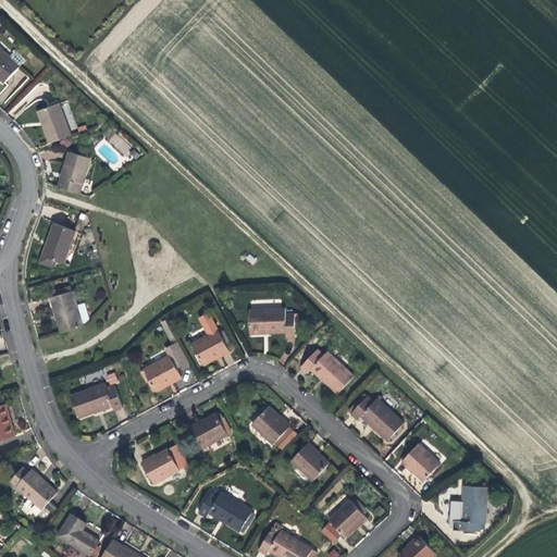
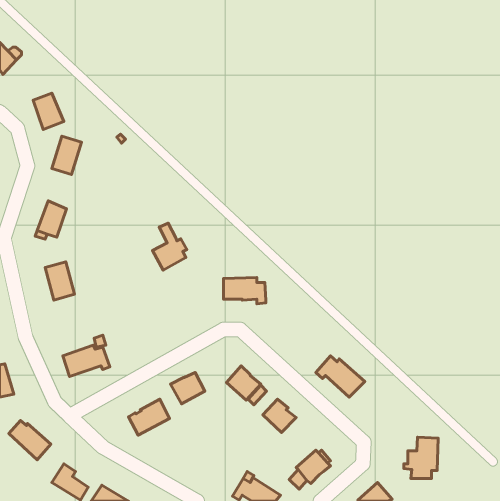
building: [190,313,228,366] -> [152,223,187,270]
building: [144,343,189,391] -> none
building: [300,349,354,395] -> none
building: [403,444,440,481] -> none
building: [198,492,251,531] -> none

